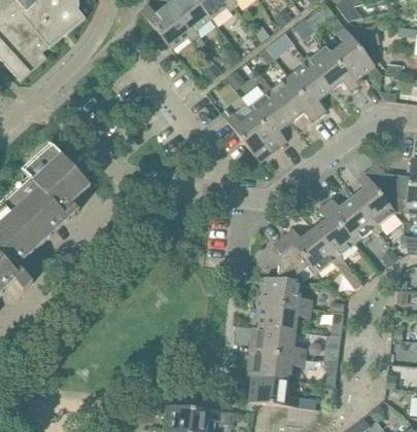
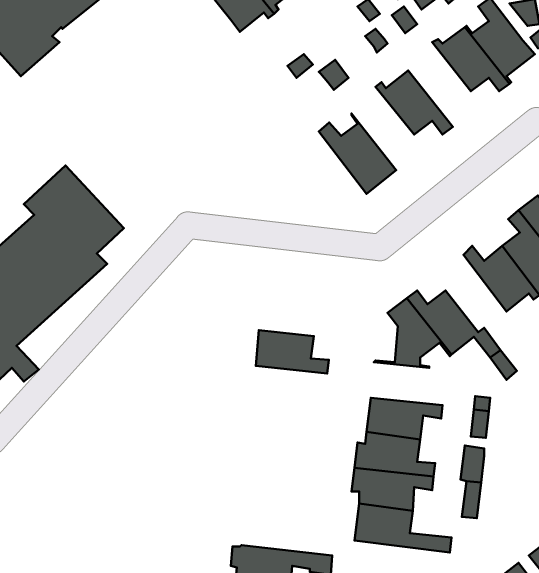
building: [287,57,331,115] -> none
building: [248,87,291,145] -> none
building: [313,204,355,257] -> none
building: [262,278,312,308] -> [256,330,329,373]

